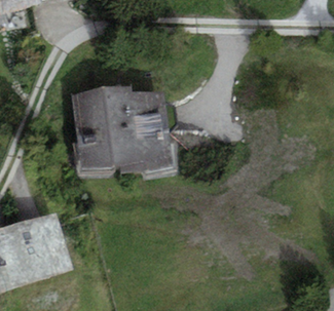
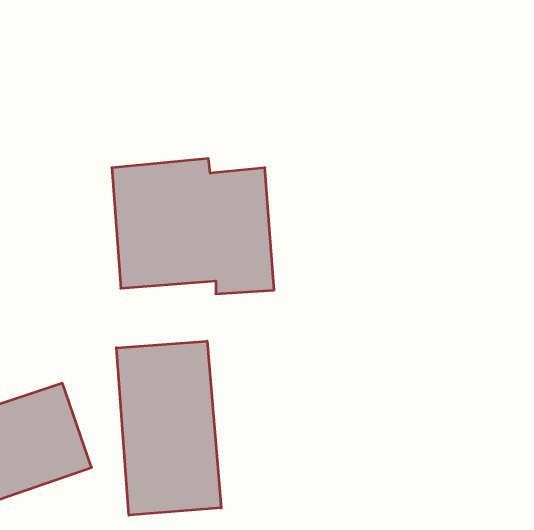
building: none -> [116,341,221,515]

